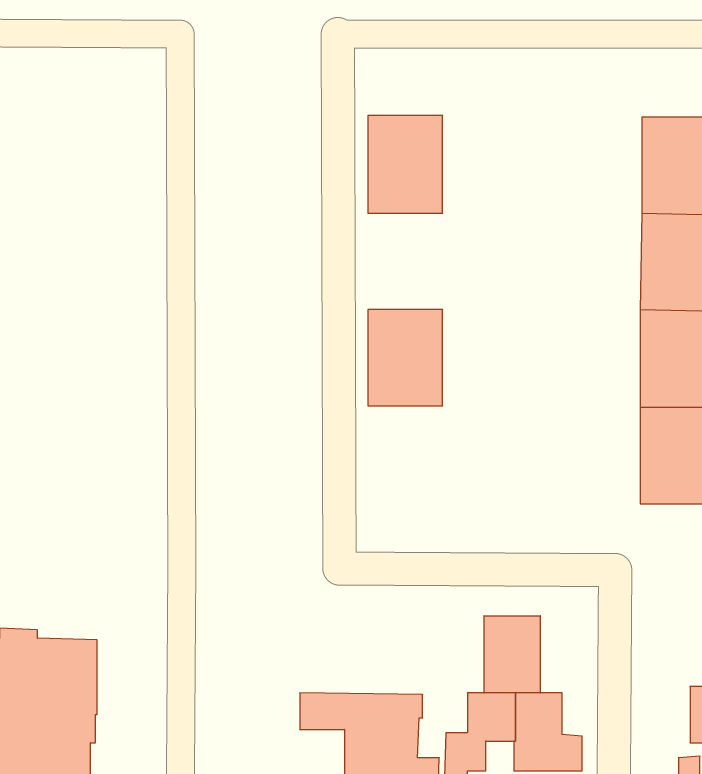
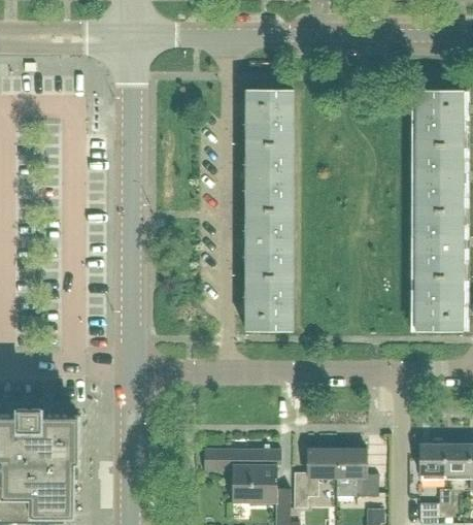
building: none -> [245,151,292,210]
building: none -> [245,270,292,331]
building: [484,616,540,693] -> none
building: none -> [419,441,445,480]

